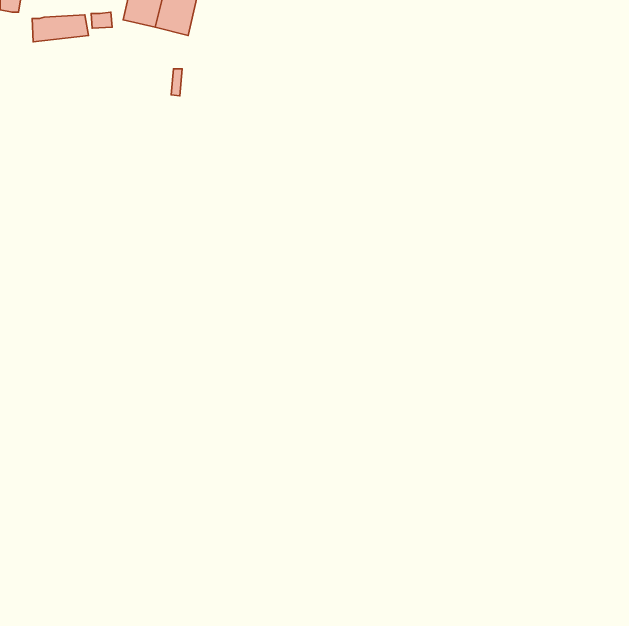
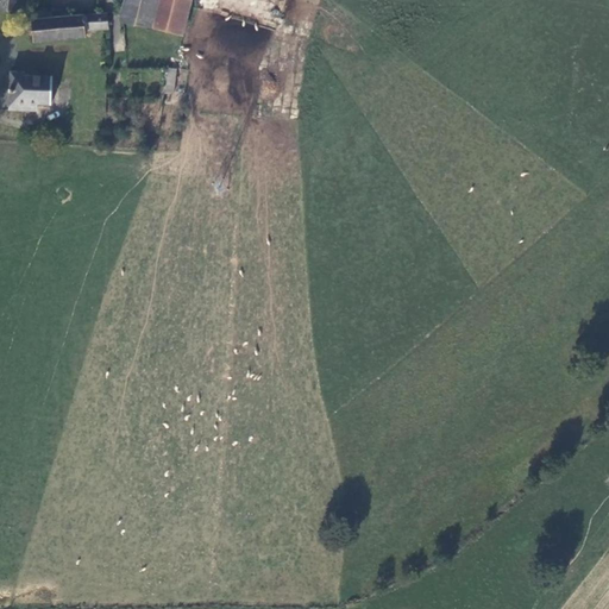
building: none -> [7,70,50,108]

